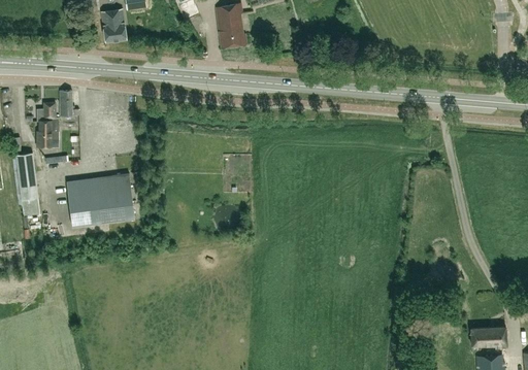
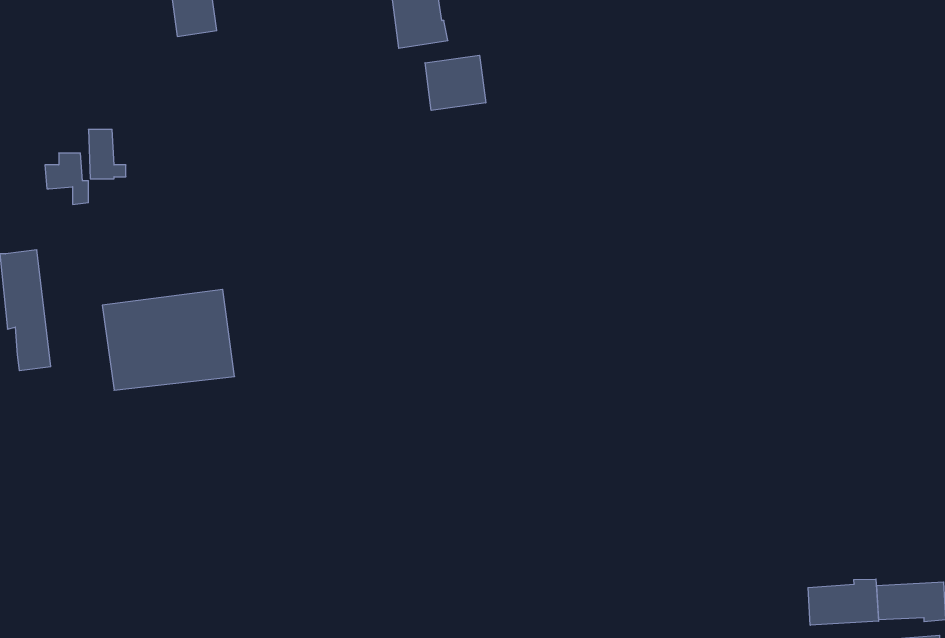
building: none -> [425,55,486,110]
building: [36,121,59,147] -> none
building: none -> [808,579,879,625]

